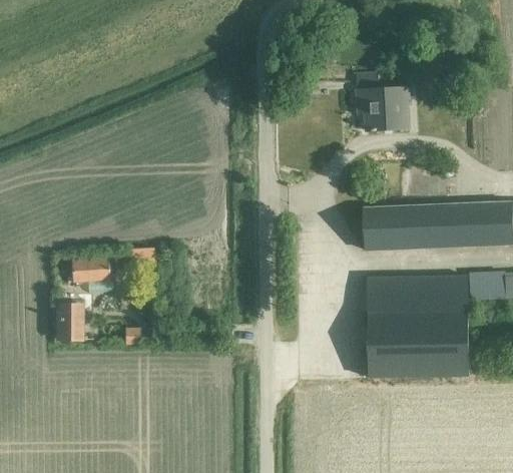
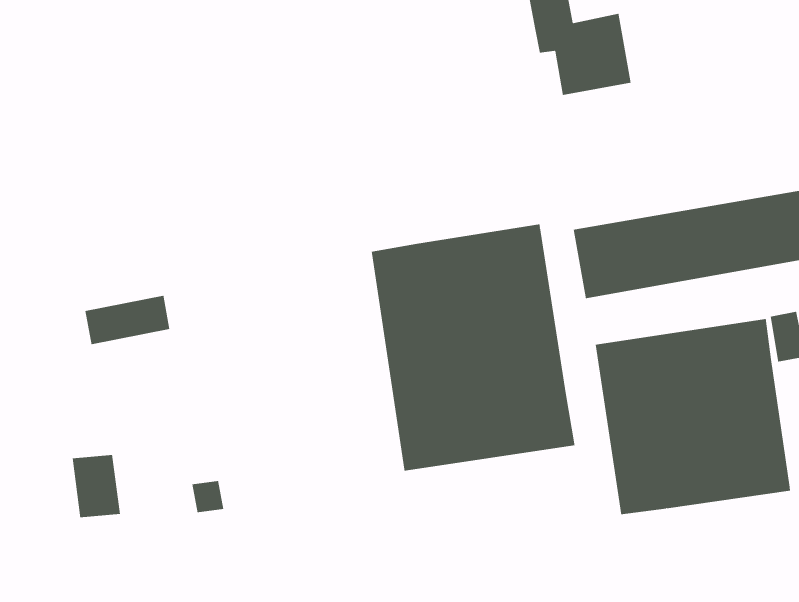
building: none -> [371,224,575,471]
building: [71,258,119,281] -> [85,295,170,345]

